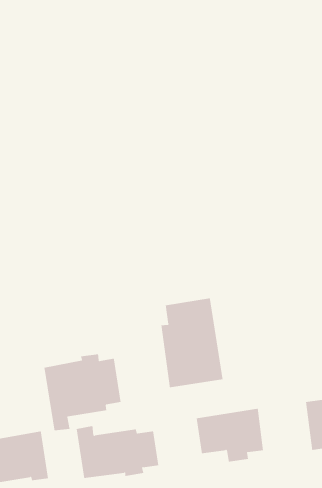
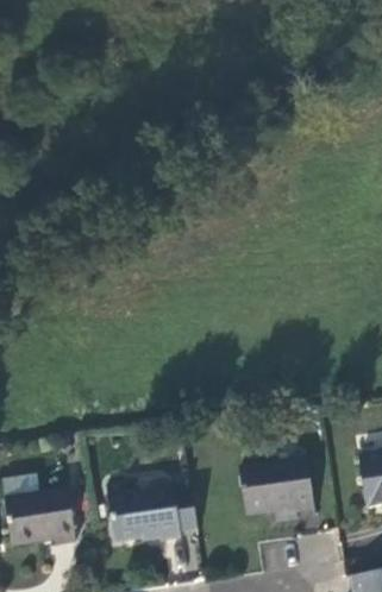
building: [161,298,223,388] -> none
building: [44,353,121,431] -> none

